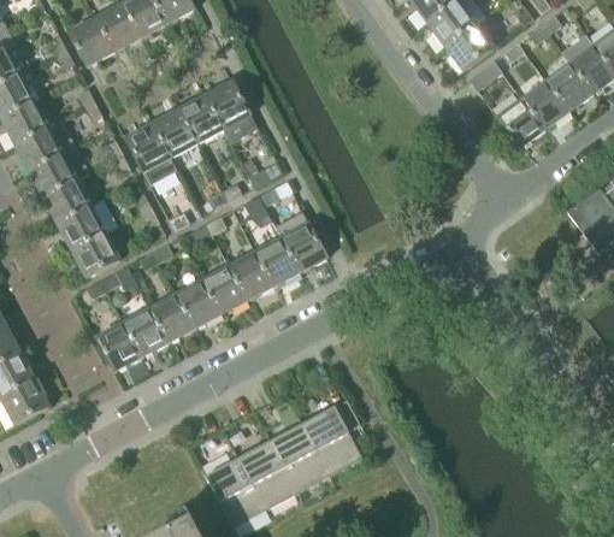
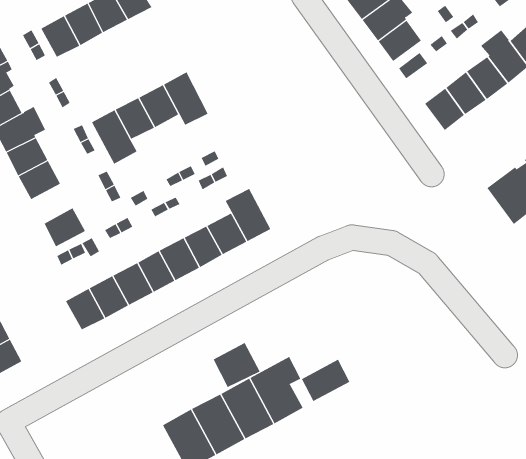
building: [58,206,105,250] -> none
building: none -> [213,342,261,388]
building: none -> [301,359,350,402]

